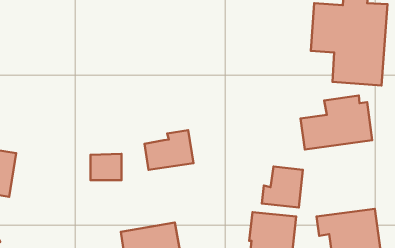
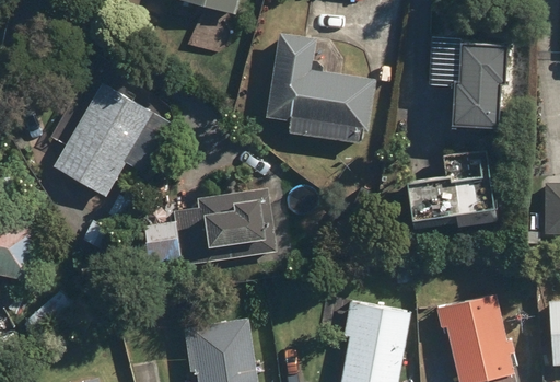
building: none -> [269,32,373,144]
building: none -> [51,76,160,199]
building: [262,166,303,207] -> none

